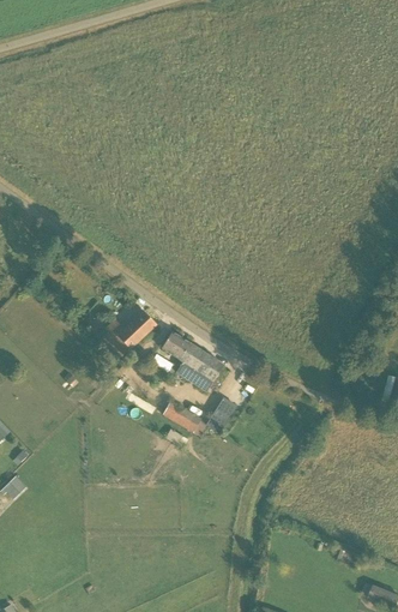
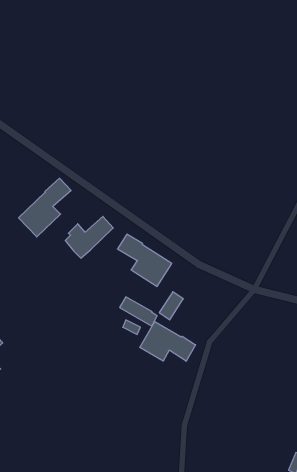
building: none -> [19,178,71,237]
building: none -> [140,322,196,361]

